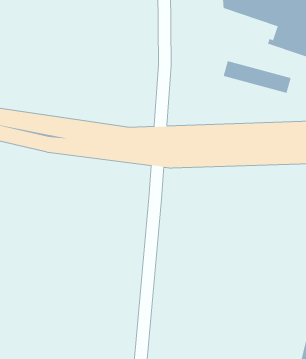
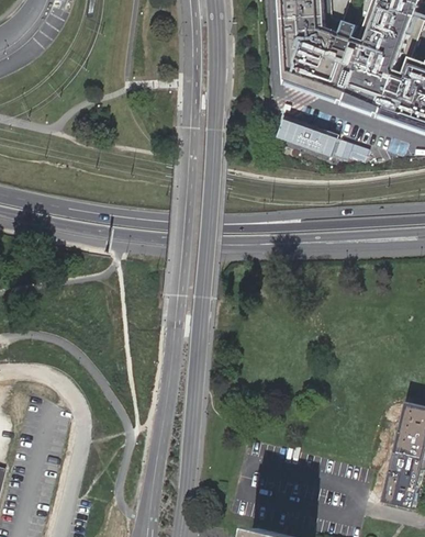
building: none -> [286,53,354,98]

